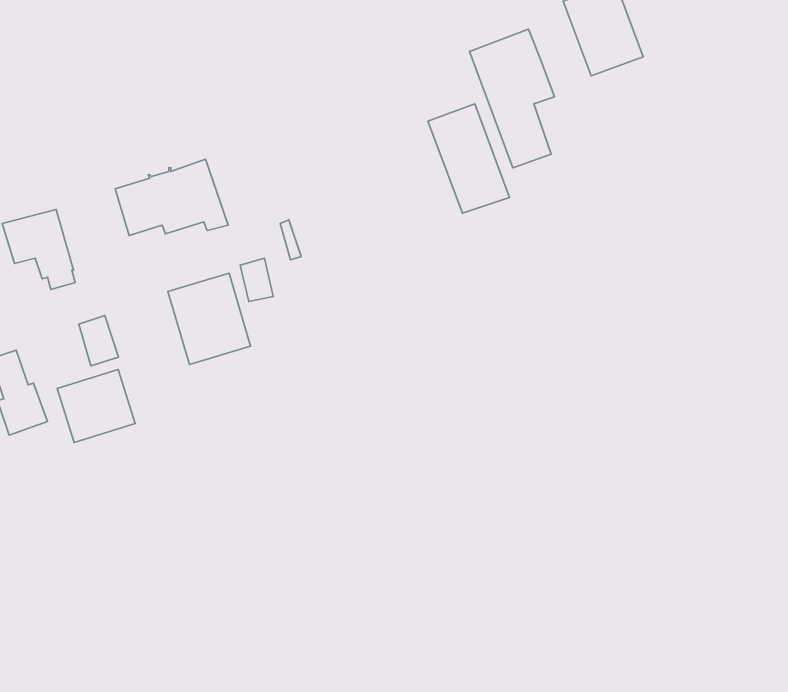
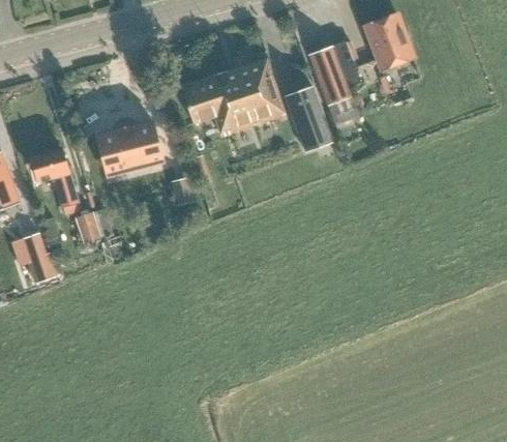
building: none -> [180,58,285,137]
building: [168,273,251,364] -> none
building: [57,370,135,442] -> none

